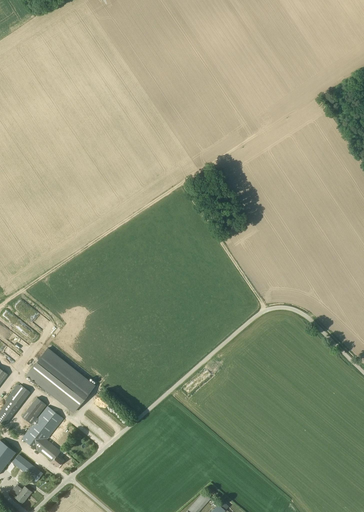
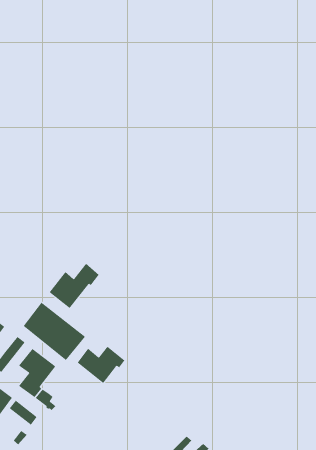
building: none -> [49,263,100,309]
building: none -> [77,346,125,384]

